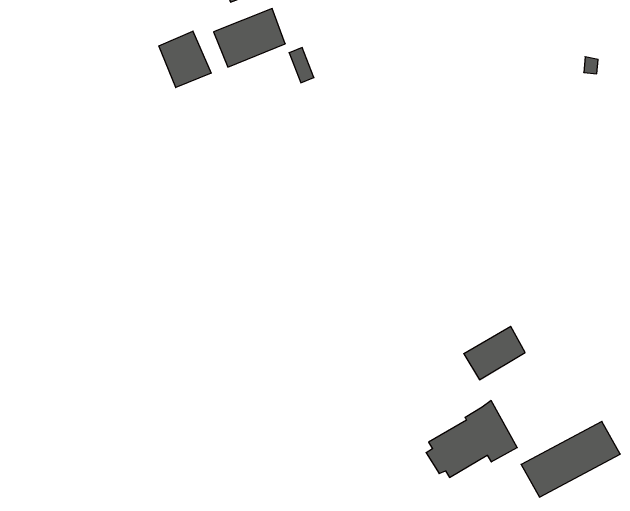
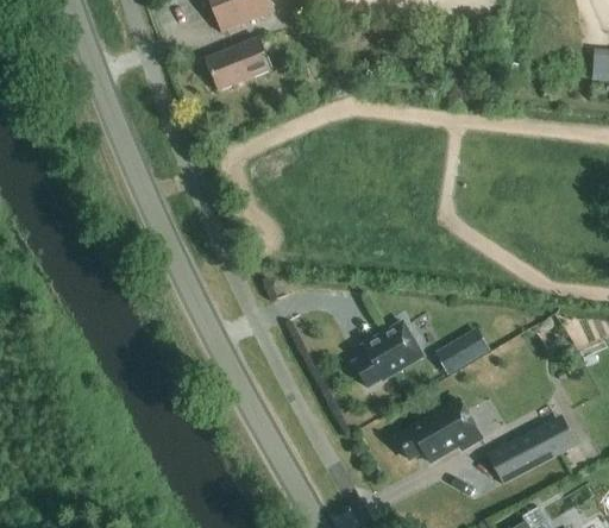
building: [159,31,211,88] -> none
building: none -> [353,321,423,386]

